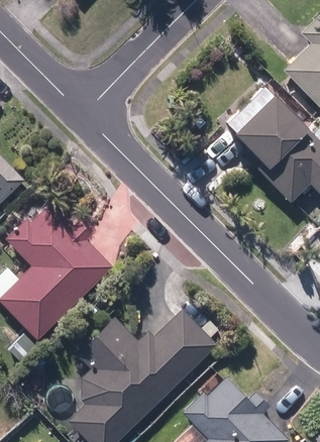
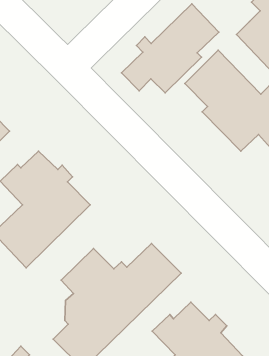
building: none -> [121,4,219,93]

